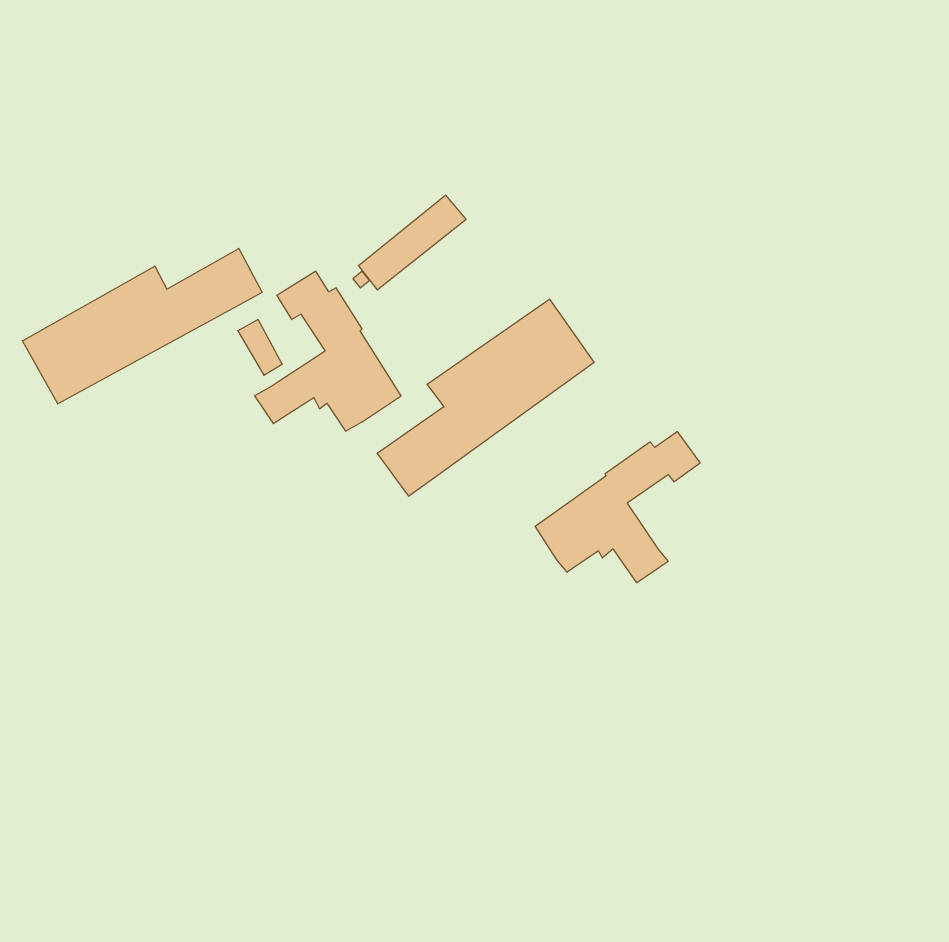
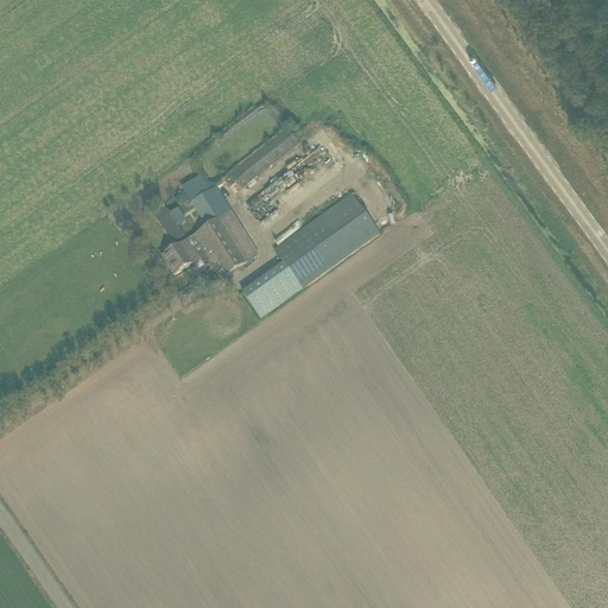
building: [22,248,262,404] -> none
building: [535,431,700,583] -> none

